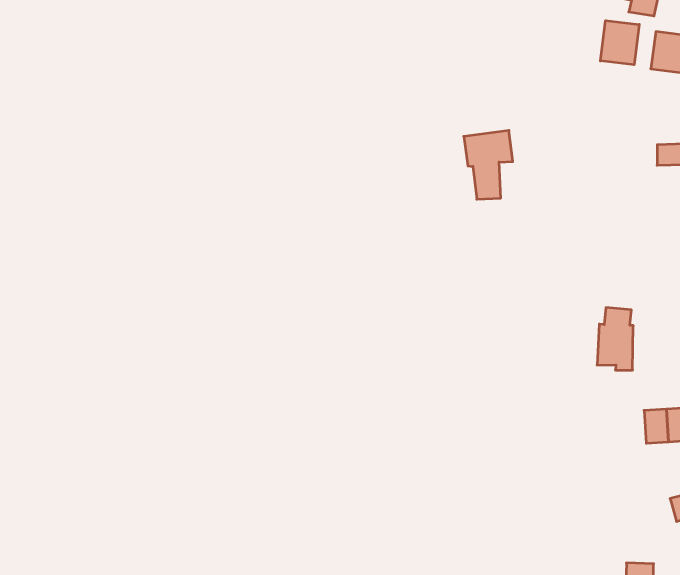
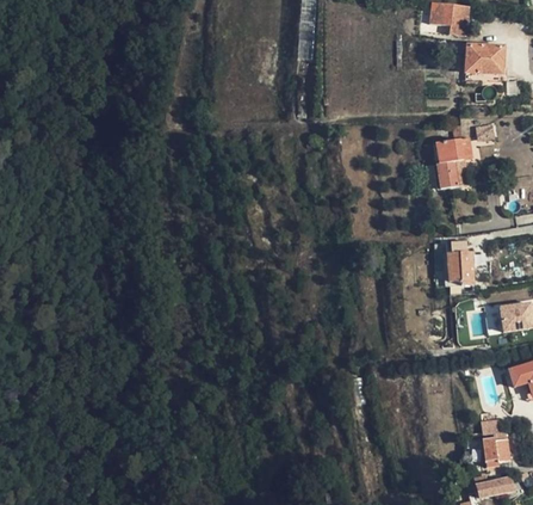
building: [600,21,639,65] -> none
building: [464,130,513,199] -> [432,138,467,189]

